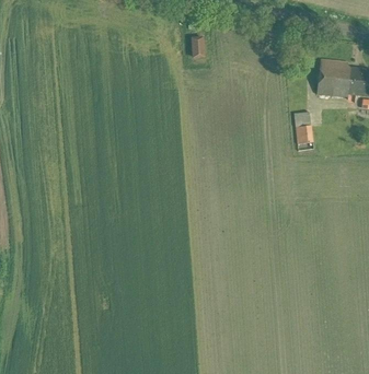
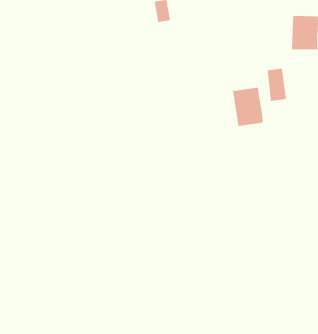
building: none -> [233,87,263,127]

